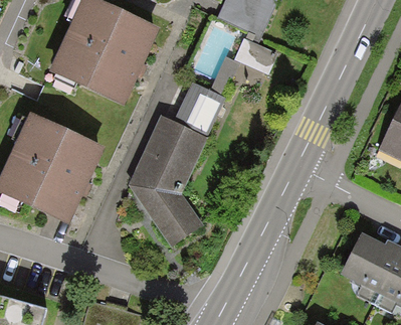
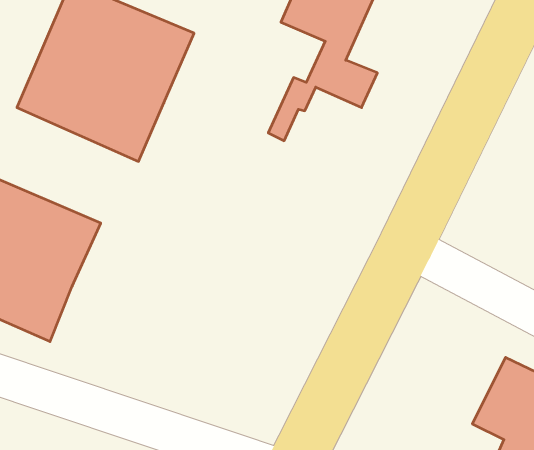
building: [129,80,226,248] -> none

